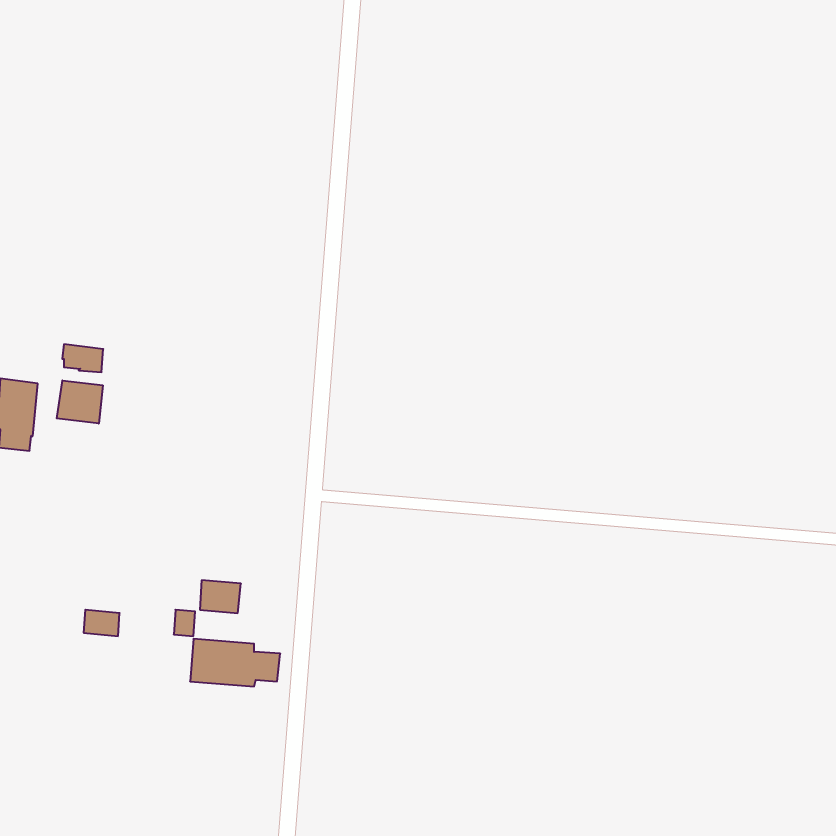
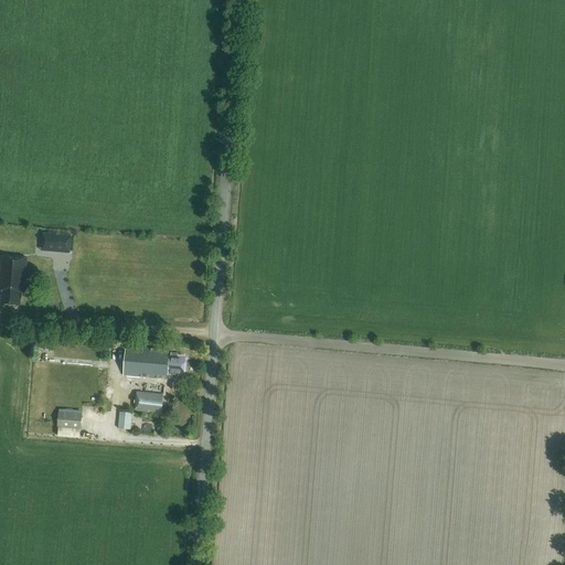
building: [57,380,103,424] -> none
building: [190,639,280,686] -> [122,345,183,377]

